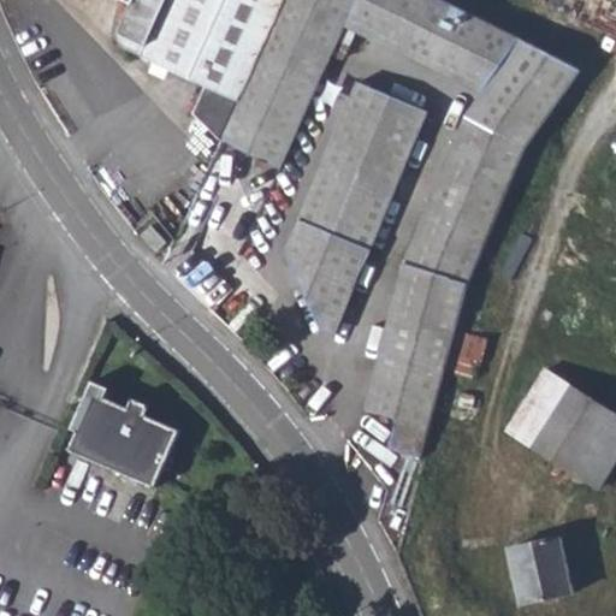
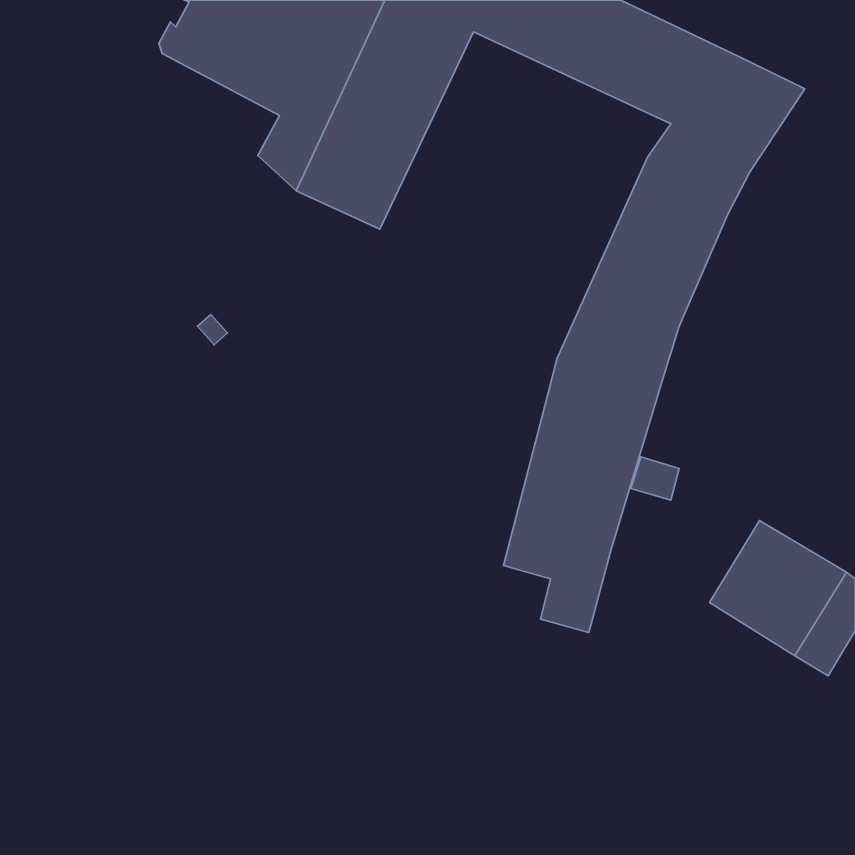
building: [282,77,427,331] -> none
building: [71,381,180,487] -> none
building: [514,539,574,606] -> none

